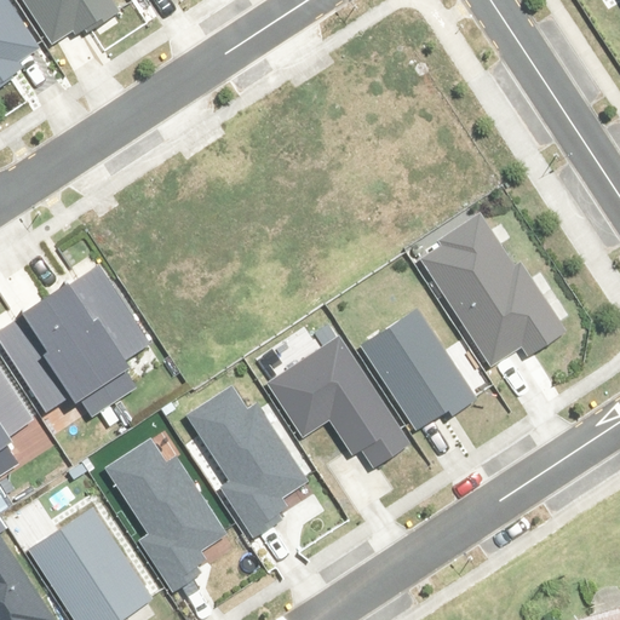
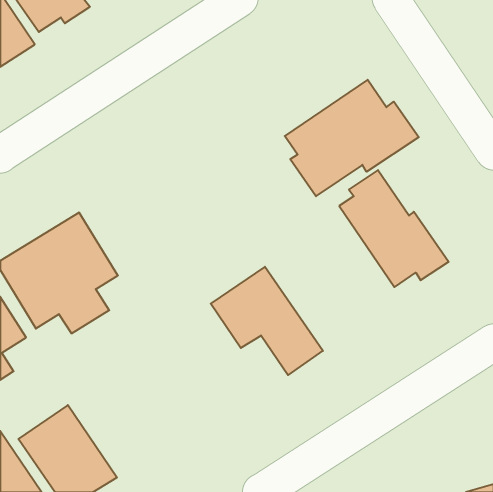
building: none -> [285,80,419,196]
building: [360,308,475,432] -> none
building: [185,385,312,546] -> none
building: [108,438,229,590] -> none

